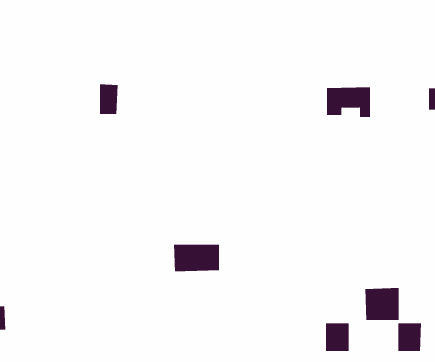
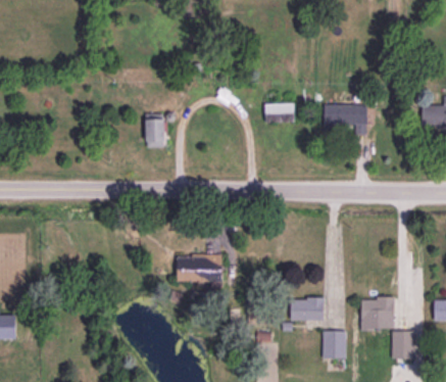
building: [99,84,118,115] -> [146,117,164,147]
building: none -> [264,102,294,123]
building: none -> [291,298,324,321]

